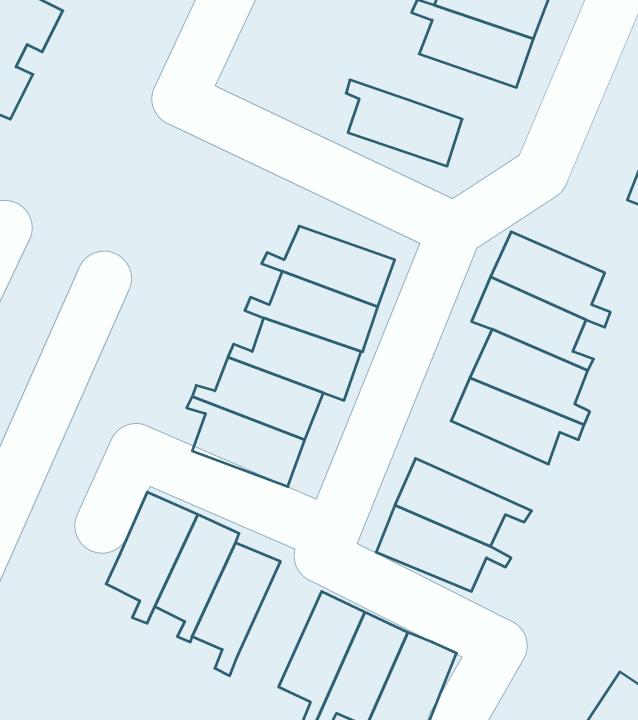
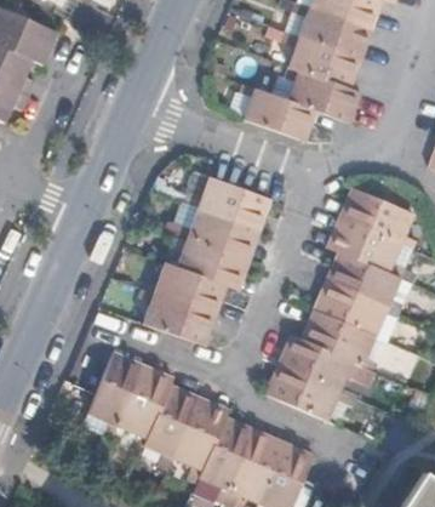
building: none -> [285,67,364,123]
building: none -> [299,306,377,368]
building: none -> [173,397,230,483]

